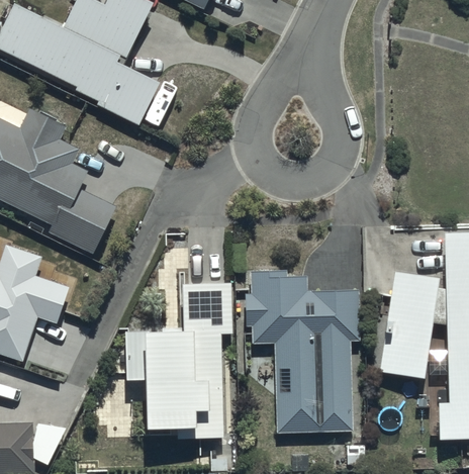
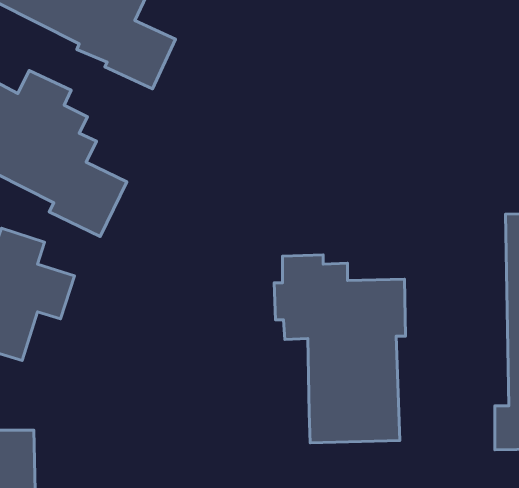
building: [380,270,439,379] -> none
building: [123,282,229,437] -> none

